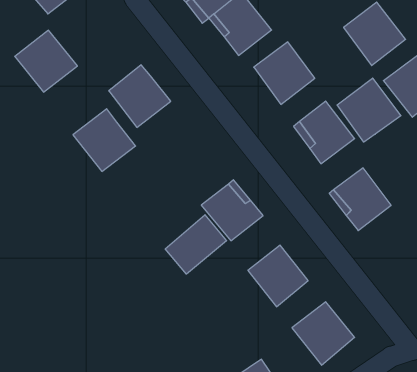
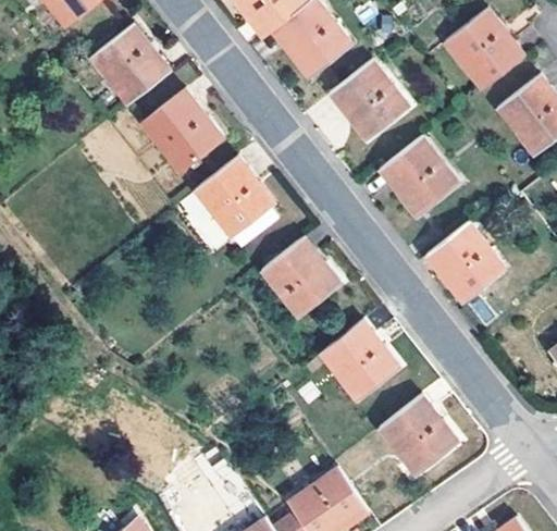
building: [15,30,77,92] -> [90,24,171,103]
building: [337,78,401,142] -> none
building: [73,109,136,171] -> [194,156,274,236]
building: [165,215,227,274] -> none

